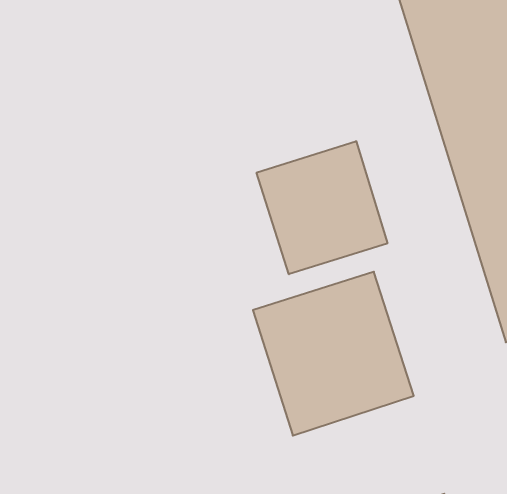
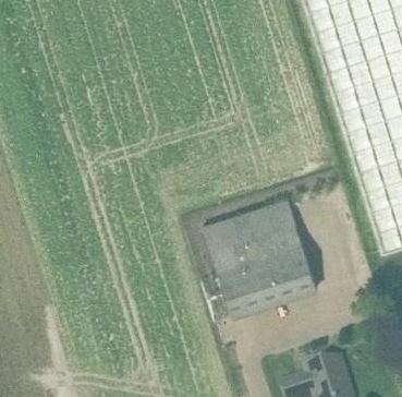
building: [257,141,387,274] -> none

